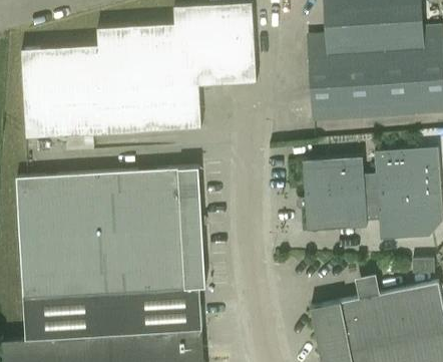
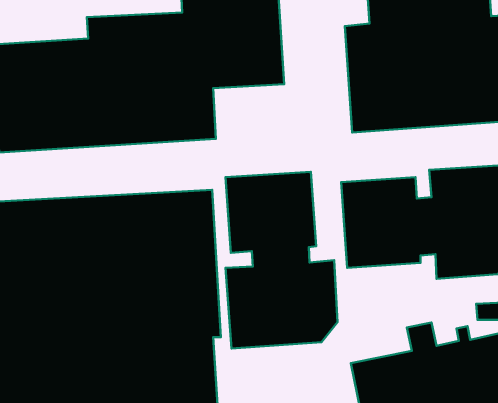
building: none -> [225,172,338,348]

